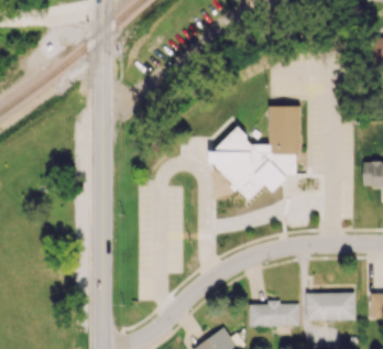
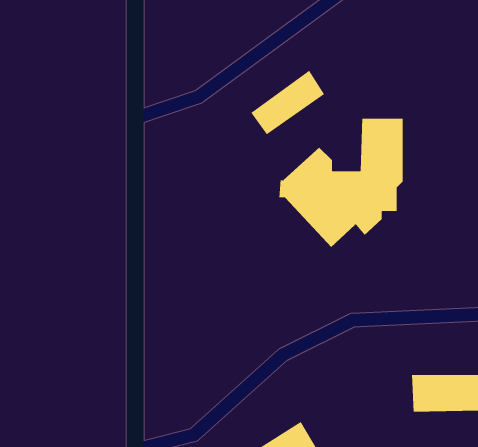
building: none -> [250,70,325,135]
building: [248,302,298,326] -> none

